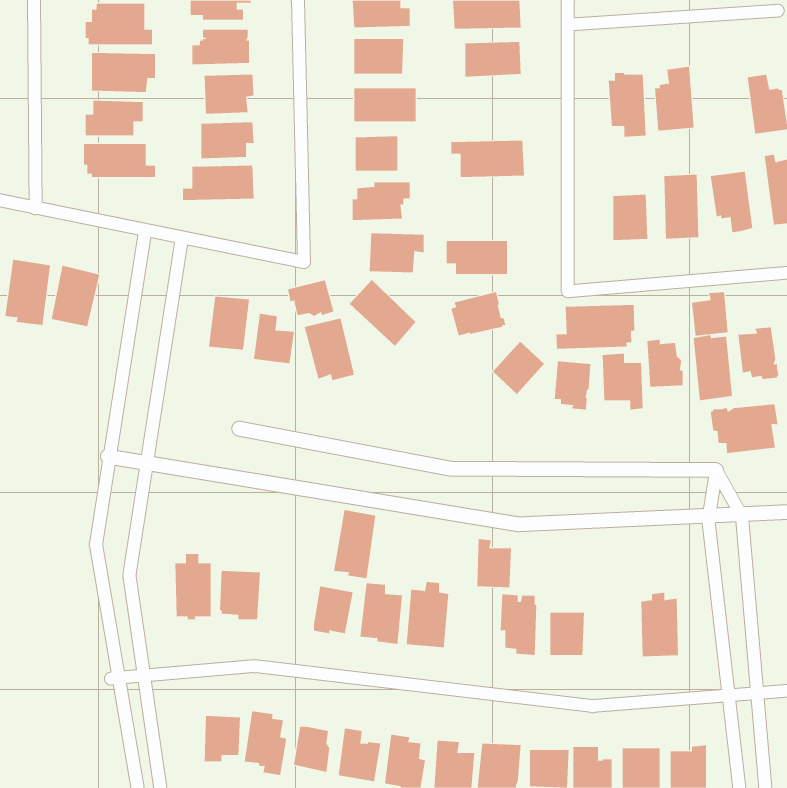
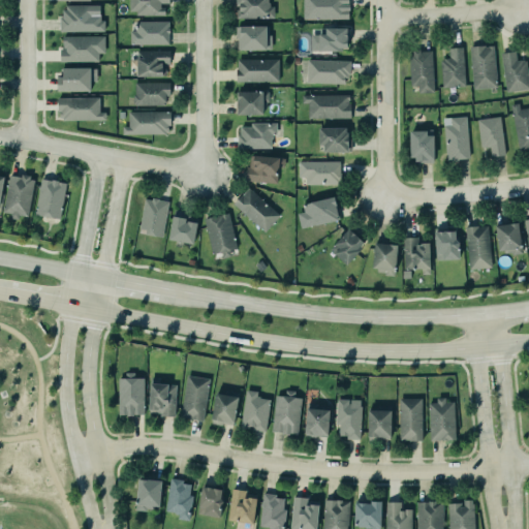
building: none -> [471,45,497,89]
building: none -> [308,60,350,84]
building: none -> [320,127,350,152]
building: [287,279,334,317] -> none
building: [692,291,728,336] -> none
building: [556,304,635,349] -> none
building: [710,404,778,454] -> none
building: [333,509,376,579] -> [180,374,209,421]
building: [476,539,512,588] -> [306,403,330,436]
building: none -> [400,398,423,440]

